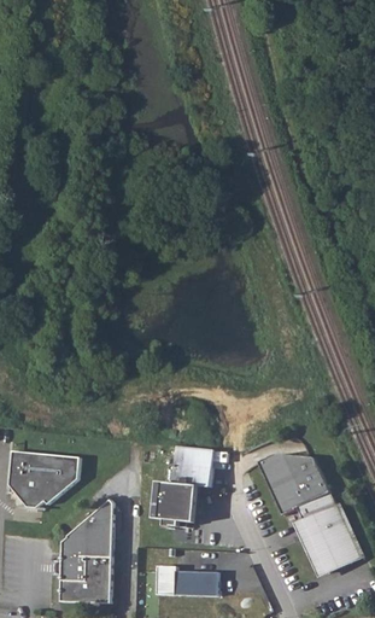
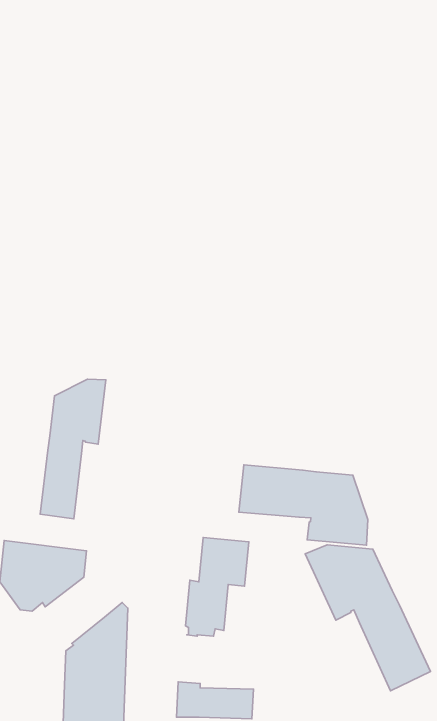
building: none -> [40,379,106,519]
building: none -> [239,465,368,545]

